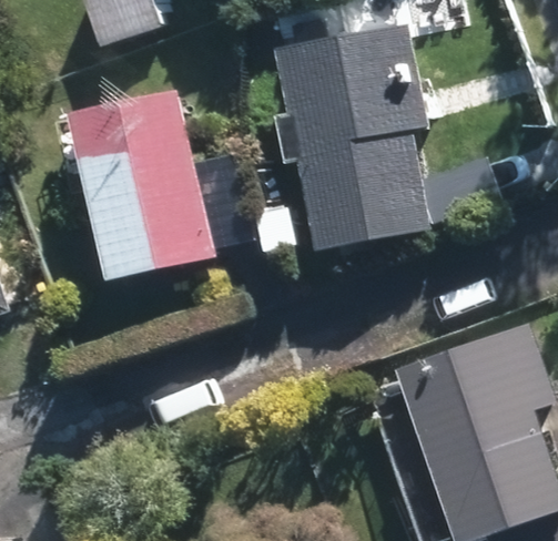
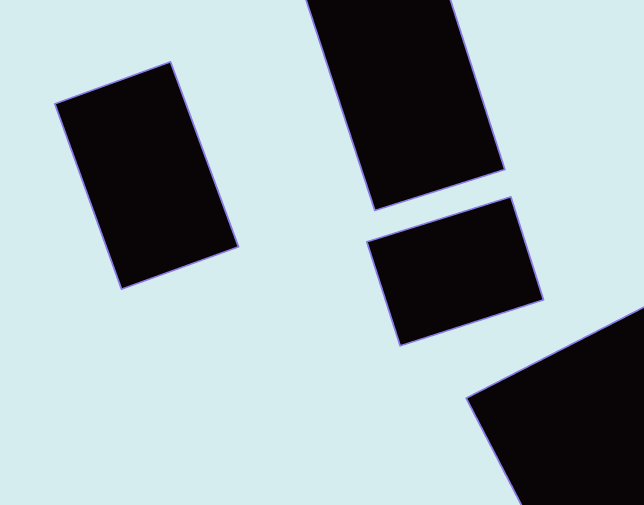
building: none -> [367,197,544,346]

